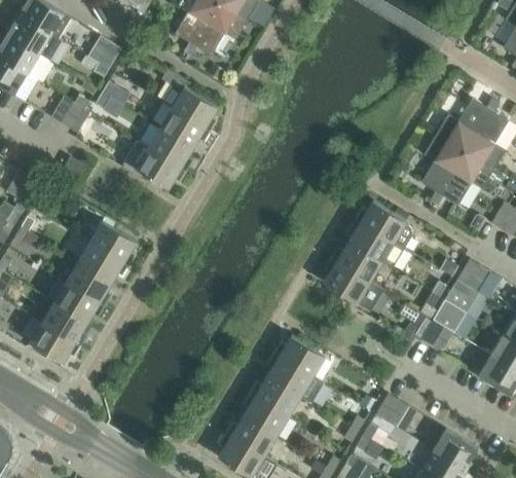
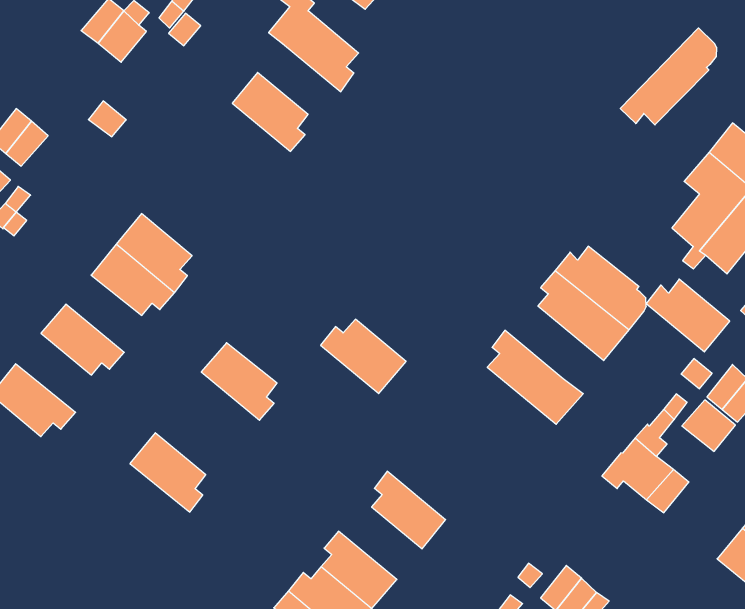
building: none -> [620,28,717,125]
building: [160,107,212,147] -> none
building: [122,141,187,188] -> none
building: [331,241,382,282] -> [646,279,730,352]
building: [67,262,113,305] -> [201,343,277,420]
building: [433,299,467,332] -> none
building: [42,301,88,345] -> [130,433,206,512]
building: [273,334,326,376] -> [321,319,406,394]
building: [250,375,301,416] -> none

